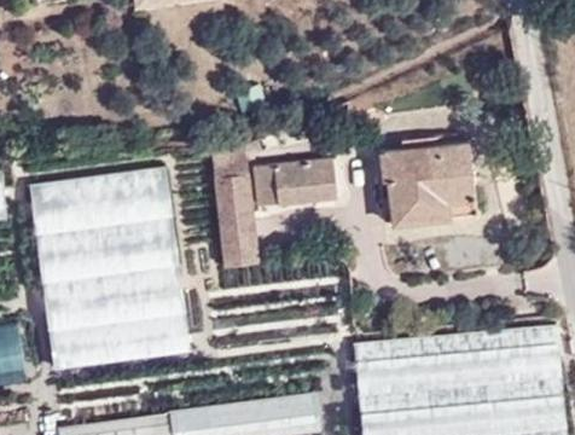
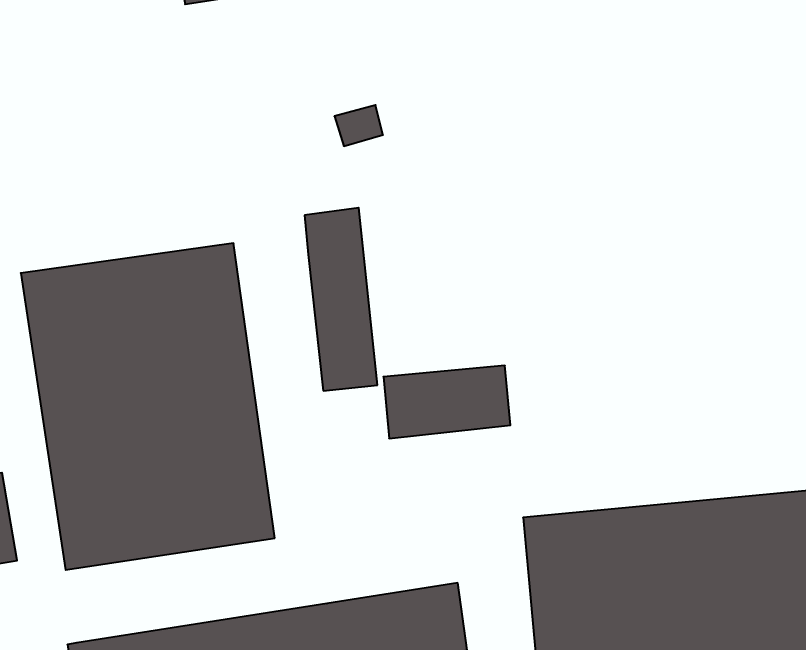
building: [384,146,484,237] -> none
building: [255,151,337,198] -> [383,366,510,438]

